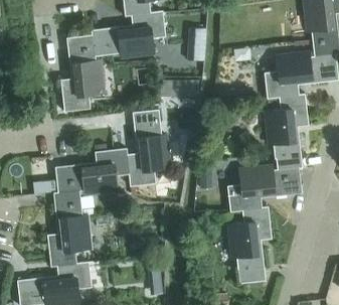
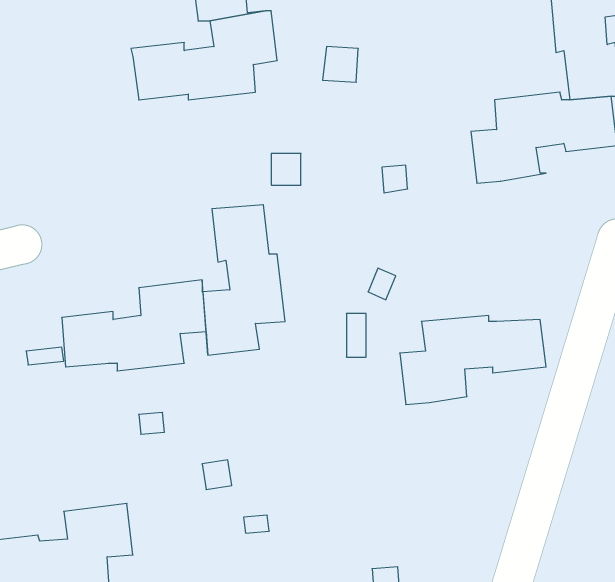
building: [60,34,104,112] -> none
building: [266,94,308,169] -> none
building: [47,190,90,267] -> none
building: [228,206,272,283] -> none

